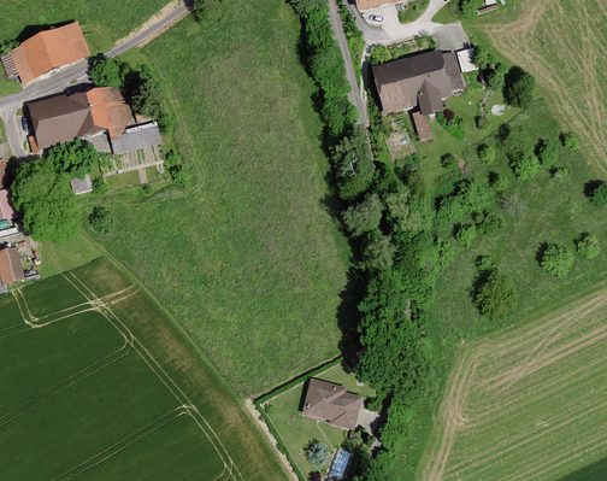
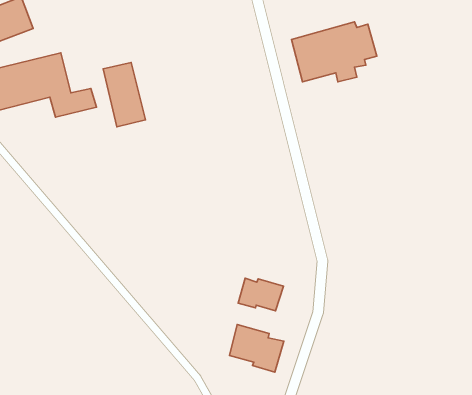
building: none -> [103,62,145,127]
building: none -> [238,278,283,311]

